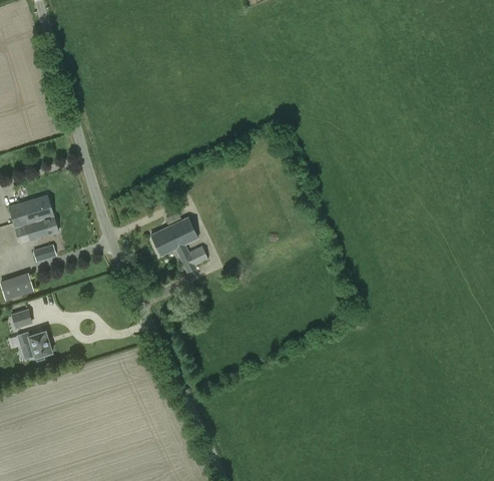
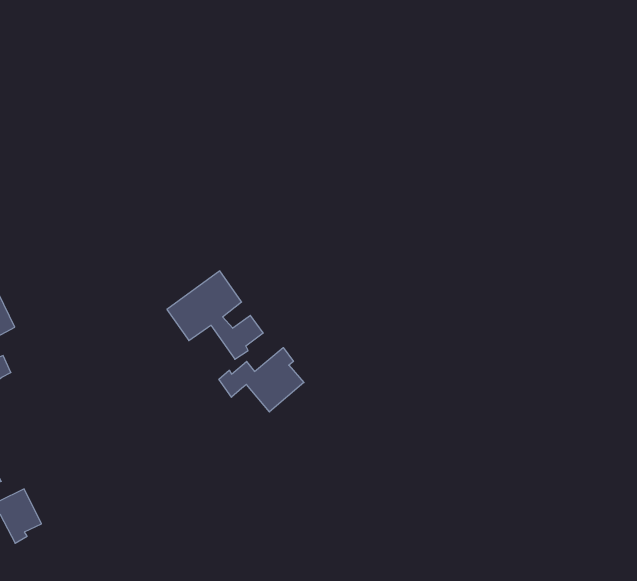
building: none -> [219,348,304,412]

